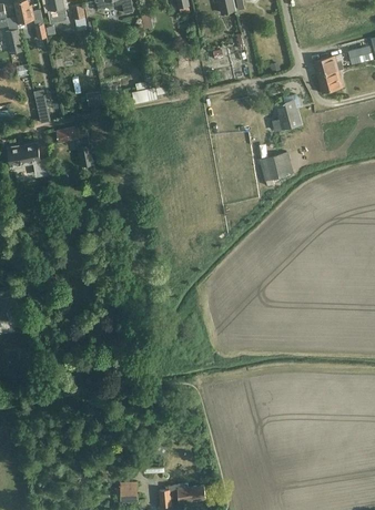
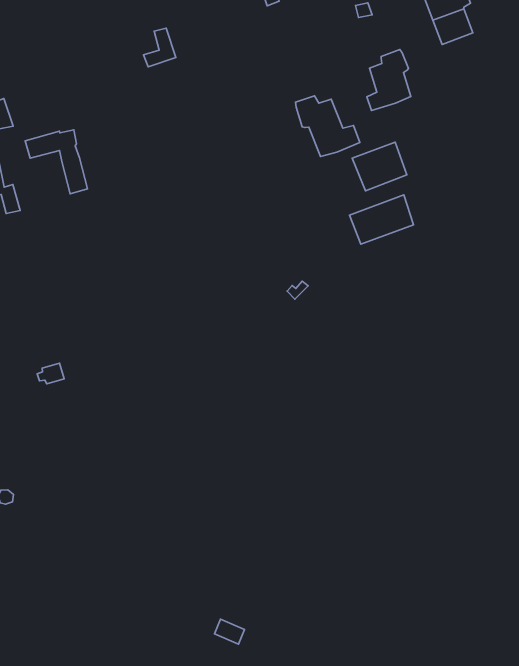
building: none -> [295,96,360,156]
building: none -> [349,195,413,244]

